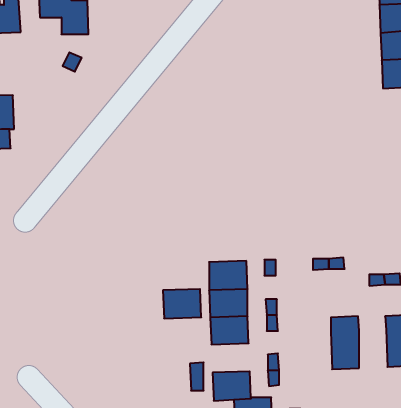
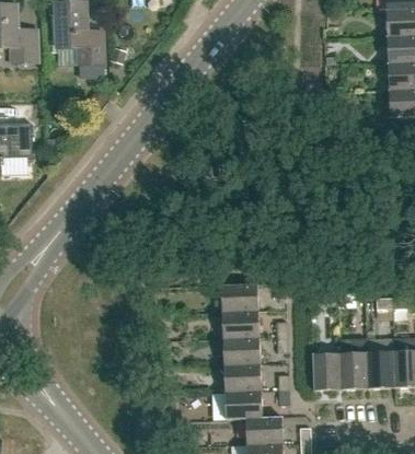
building: [163,289,201,318] -> [223,363,261,392]
building: none -> [367,350,394,387]
building: none -> [312,352,341,389]

